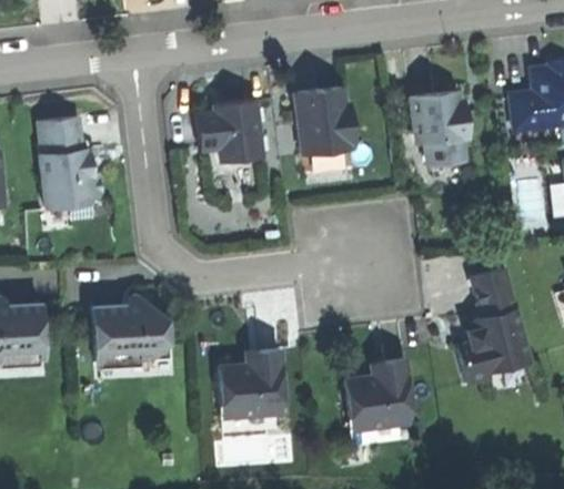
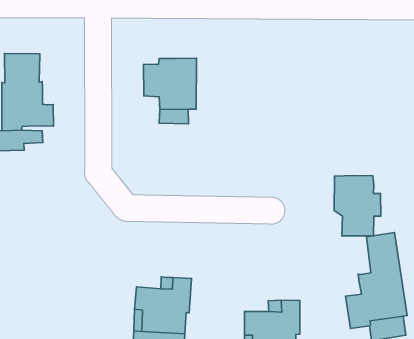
building: [298,86,354,153] -> none
building: [411,92,469,164] -> [334,175,381,236]
building: [92,304,167,361] -> none

